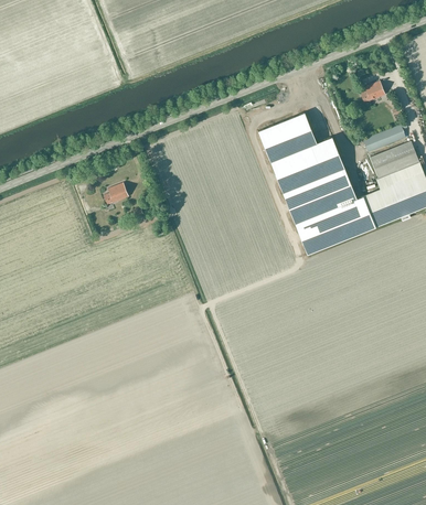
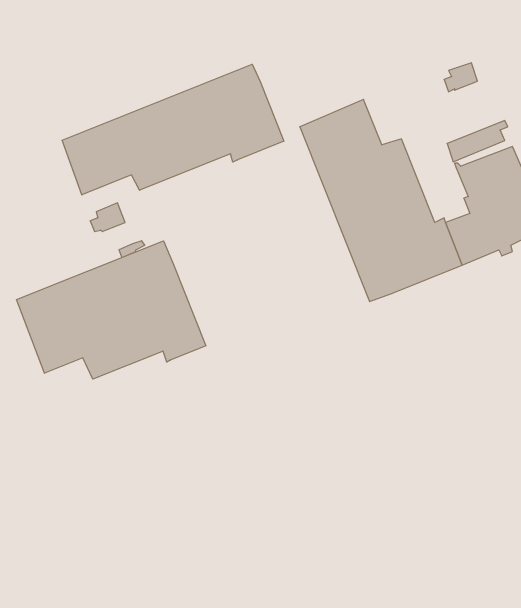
building: none -> [62,64,284,195]
building: none -> [17,241,206,379]

